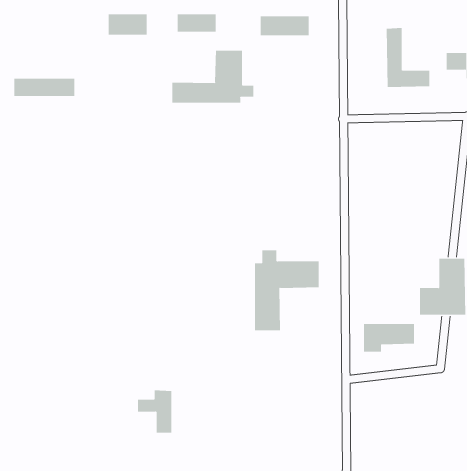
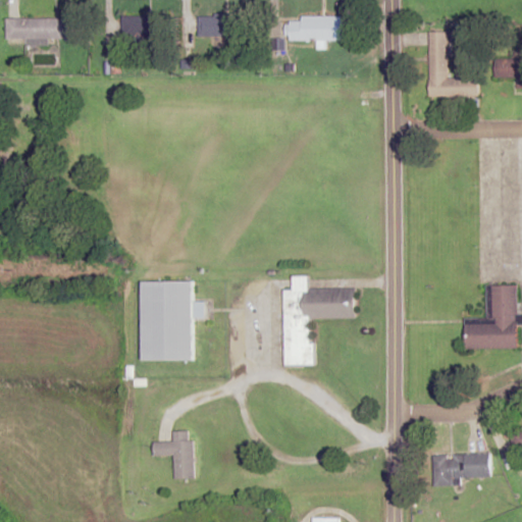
building: [172,50,254,104] -> none
building: [13,78,75,97] -> [4,18,72,39]
building: none -> [141,281,203,361]
building: [363,324,415,352] -> [431,455,488,486]

